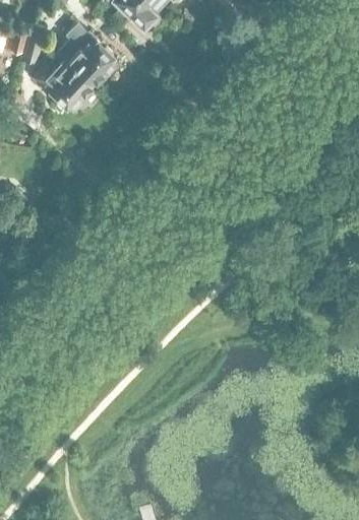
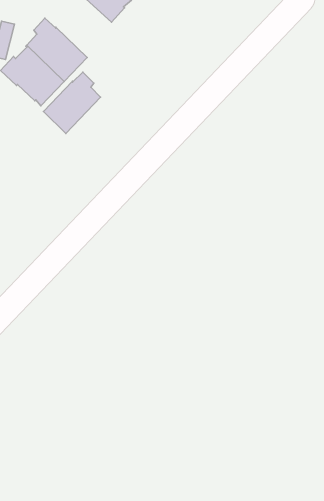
building: none -> [43,72,101,133]

